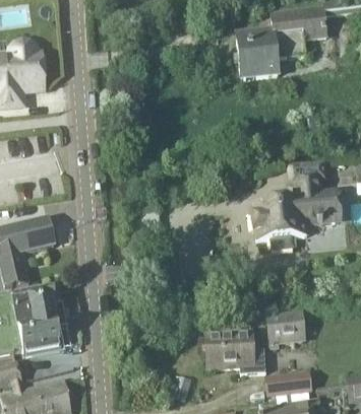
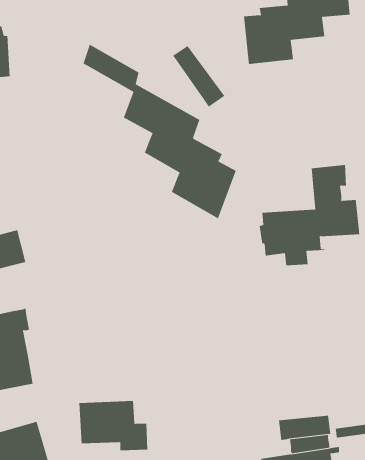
building: none -> [83,44,237,219]
building: none -> [172,45,225,108]
building: [268,310,305,346] -> none
building: [207,330,266,372] -> [78,400,148,451]

